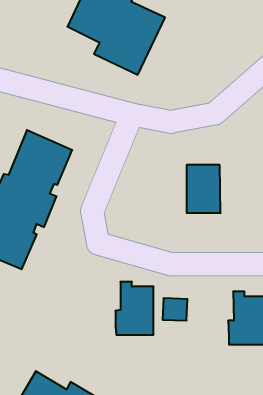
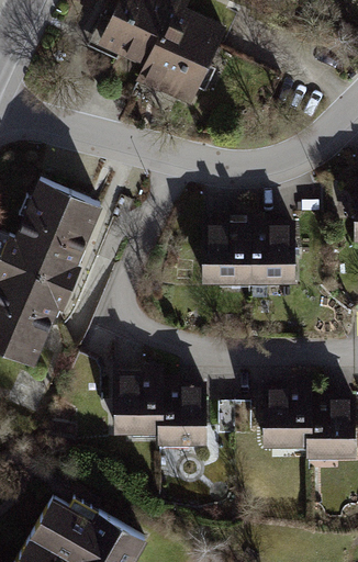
building: none -> [203,216,251,289]
building: none -> [114,369,164,438]
building: none -> [264,382,314,451]

